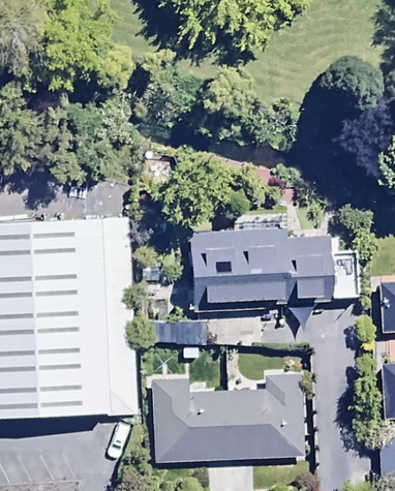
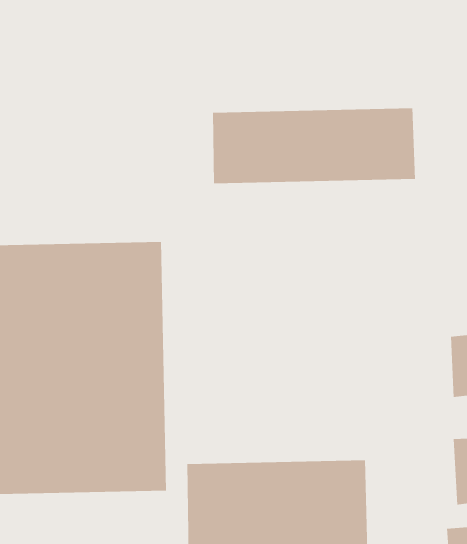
building: none -> [212,107,415,184]
building: [200,237,333,300] -> none

